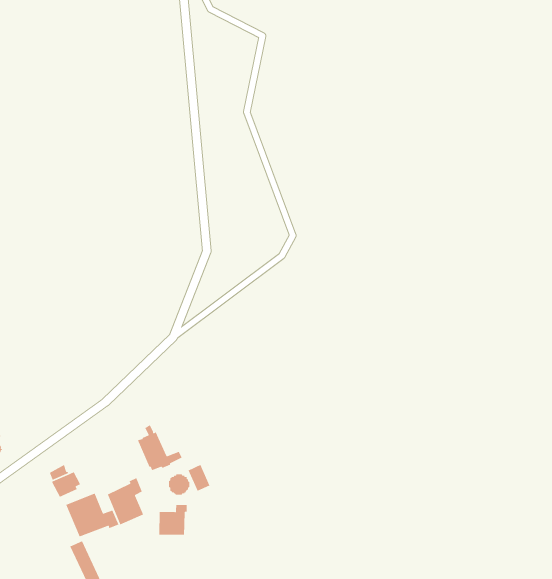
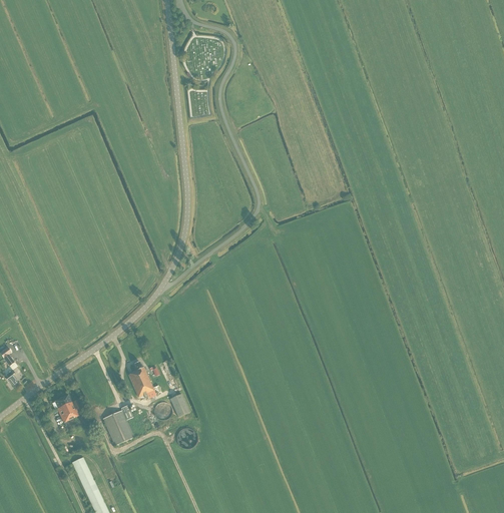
building: [65,493,119,537] -> none
building: [158,504,188,535] -> none

